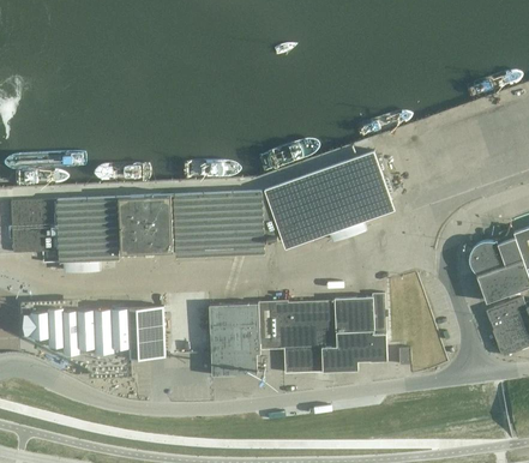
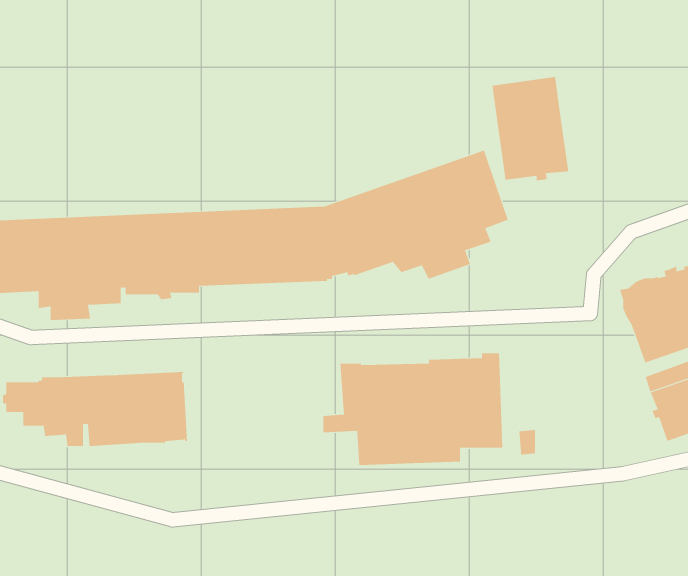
building: none -> [492,76,569,181]
building: [209,302,260,375] -> none

